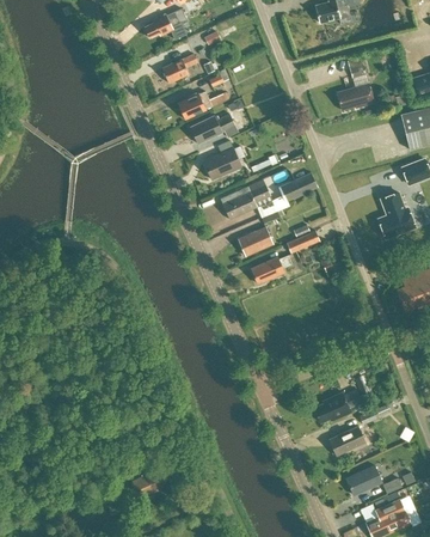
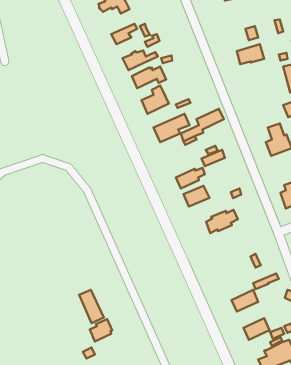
building: [238,226,274,255] -> [184,186,209,206]
building: [314,390,358,422] -> [206,210,238,233]
building: none -> [79,290,104,323]

